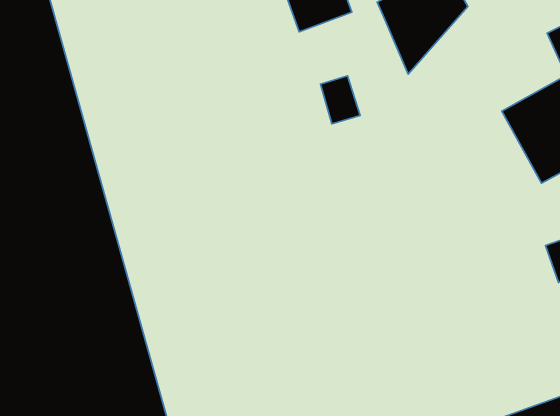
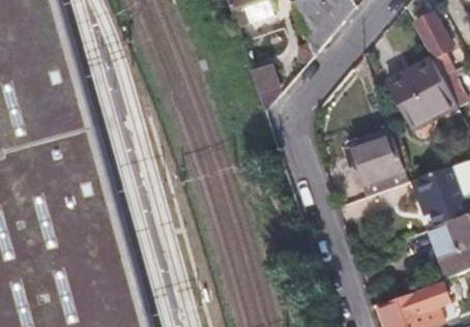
building: none -> [349,135,408,196]

